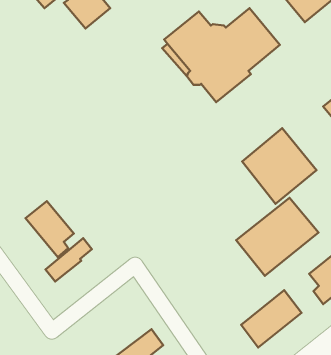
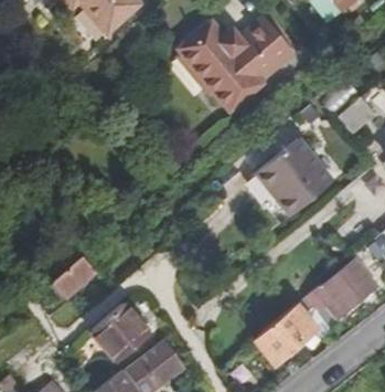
building: [236,198,318,276] -> none
building: [26,201,74,257] -> none
building: none -> [92,304,147,358]

